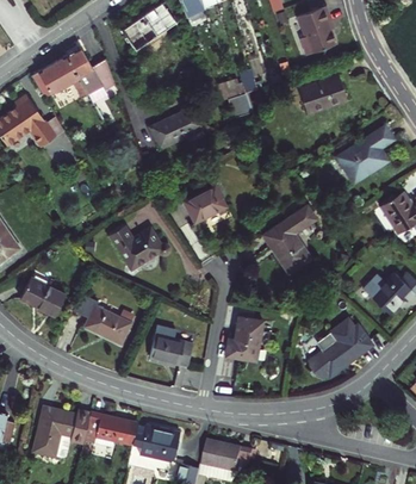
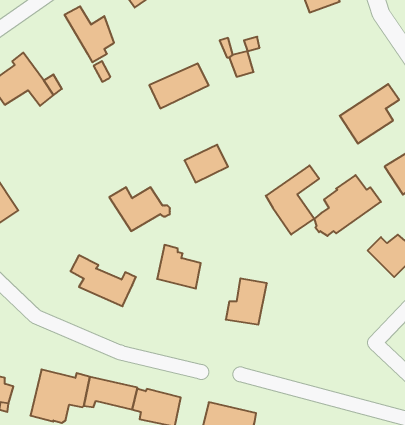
building: [30,57,87,99] -> none
building: [298,75,347,113] -> none
building: [19,277,64,315] -> none
building: [306,319,372,379] -> [314,175,381,236]
building: [149,324,192,367] -> [157,245,201,289]

